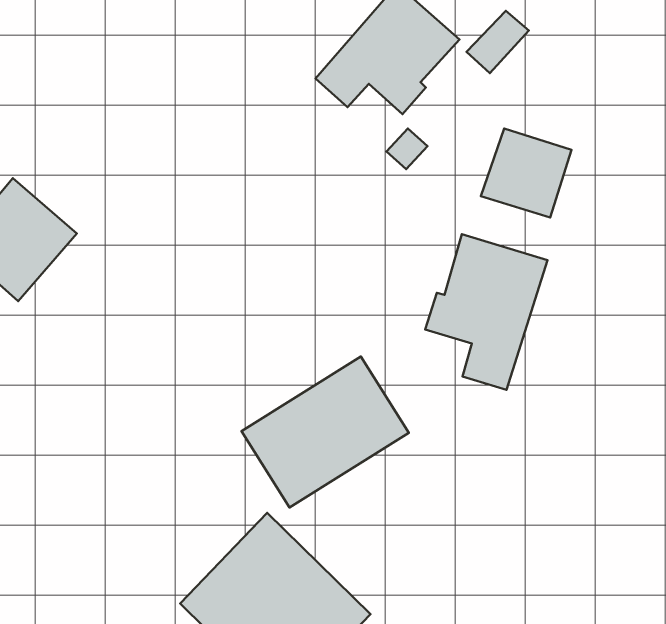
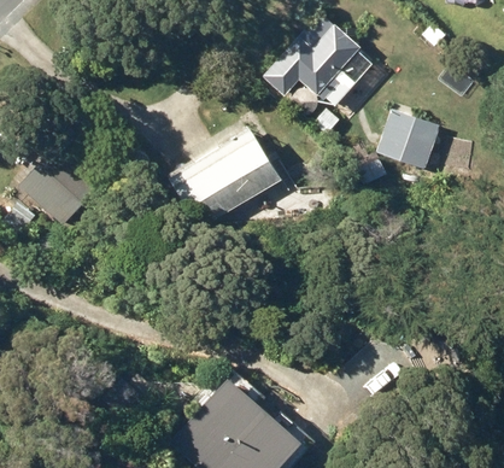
building: [425,234,547,390] -> none
building: [242,356,409,508] -> [169,129,282,232]

